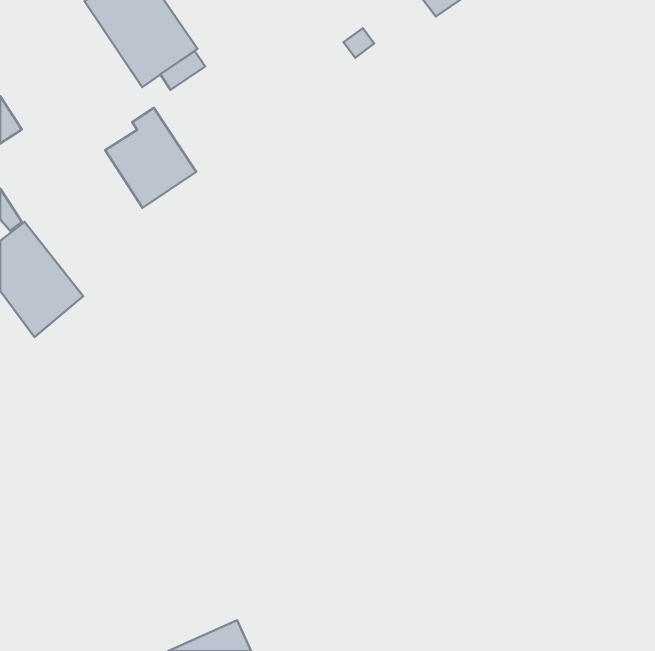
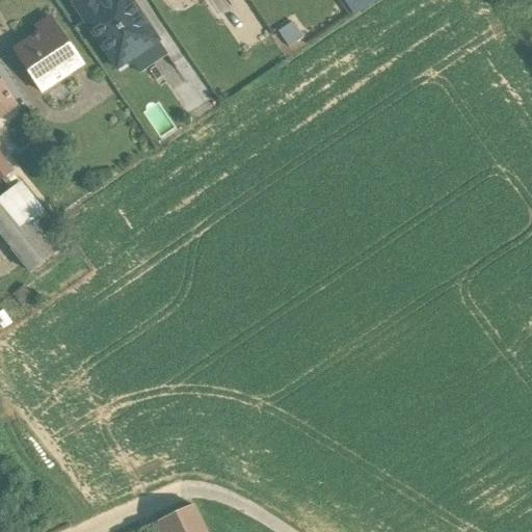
building: [105,108,196,208] -> [10,12,84,94]

